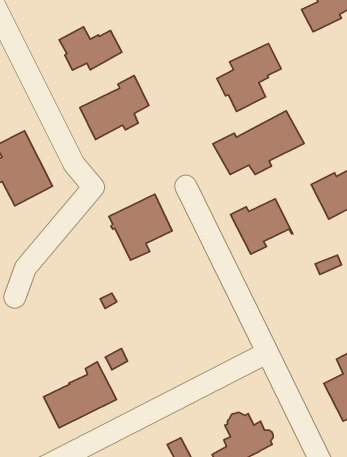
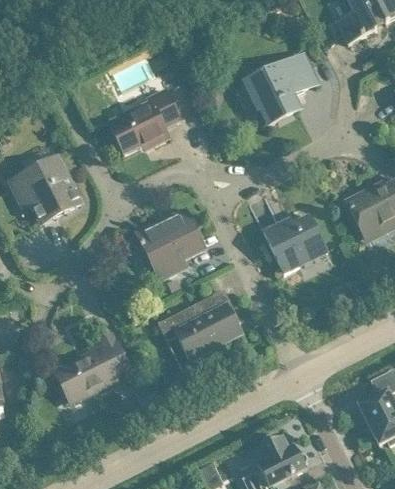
building: [59,27,122,70] -> none
building: [213,111,304,175] -> none
building: none -> [159,292,243,360]
building: [44,362,117,428] -> [58,333,133,401]

